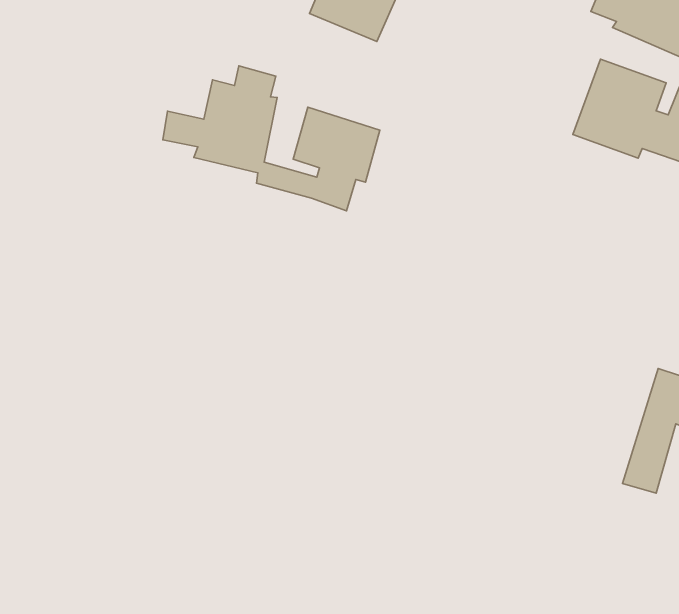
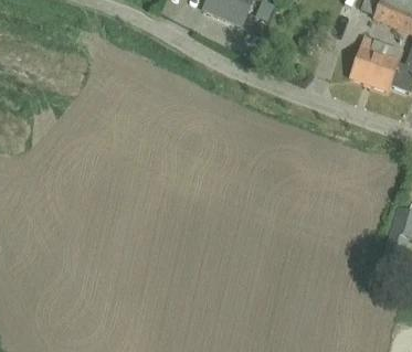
building: [163,66,380,211] -> none

